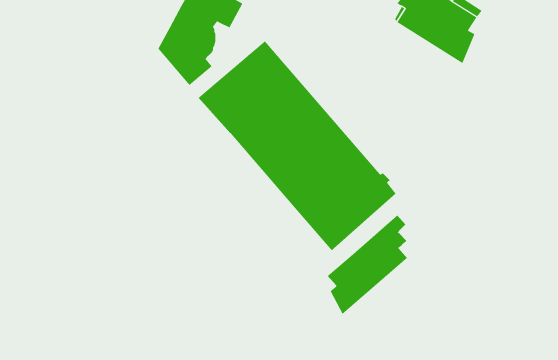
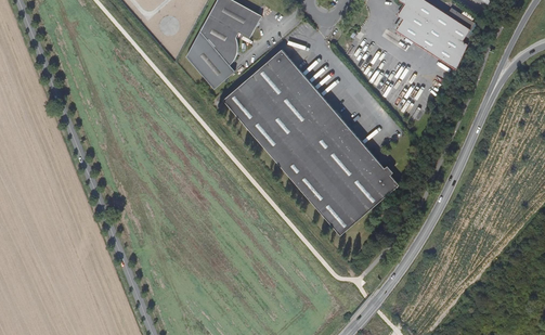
building: [327,214,408,315] -> none

